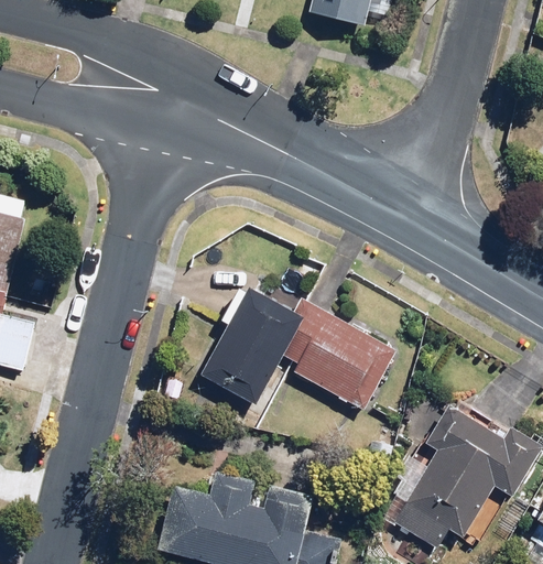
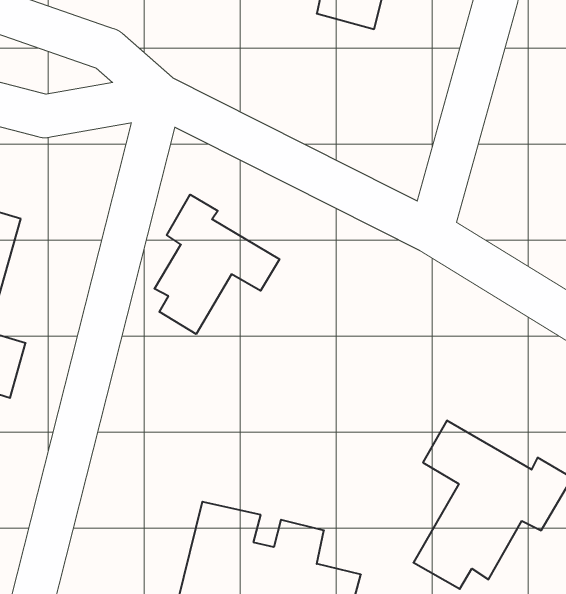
building: none -> [154,195,279,334]
building: [197,283,397,412] -> none

